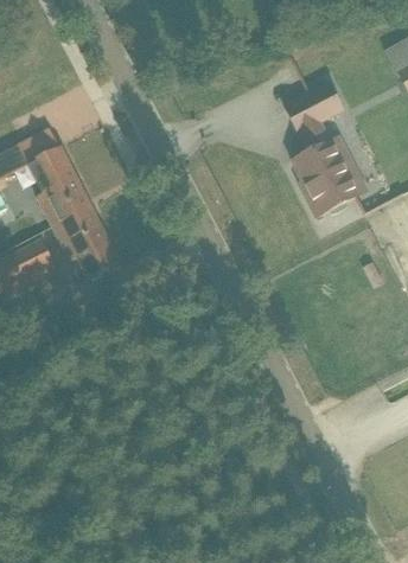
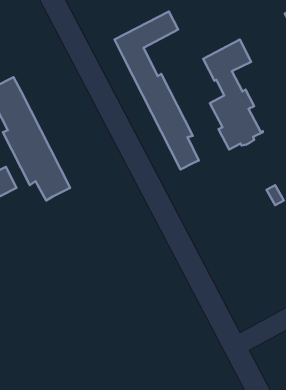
building: none -> [115,12,199,170]

